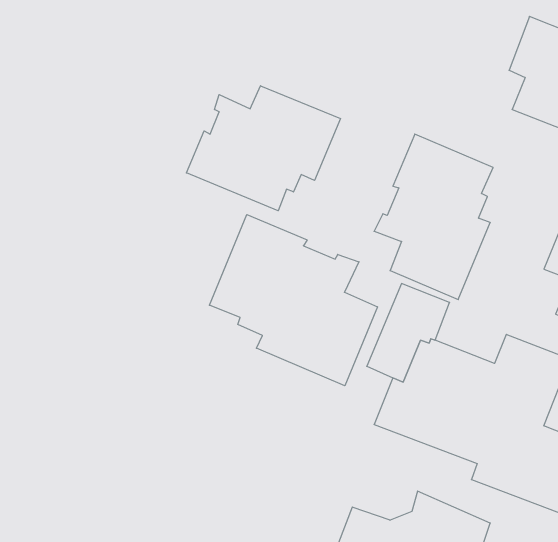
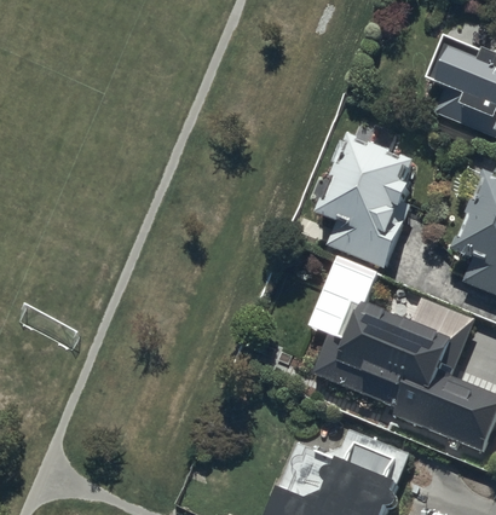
building: [186,86,340,211] -> none
building: [209,215,377,386] -> none

